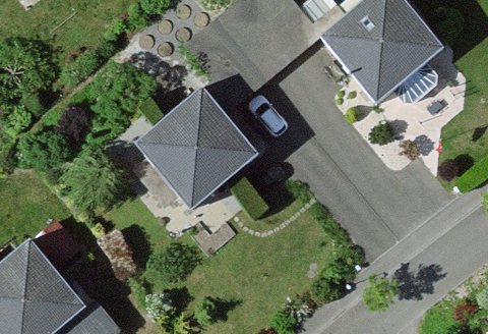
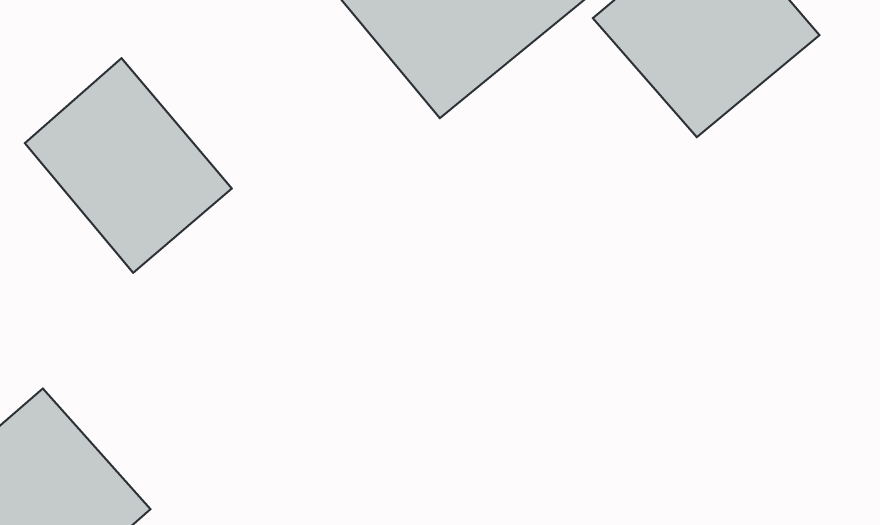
building: none -> [25,58,232,273]
building: [131,87,254,210] -> none

